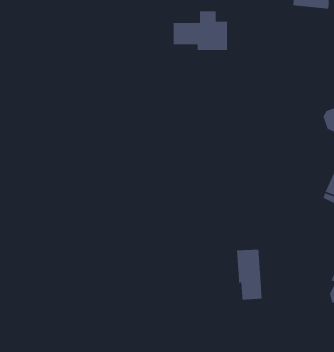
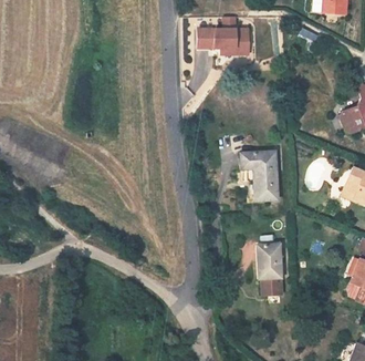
building: none -> [241,152,278,200]

